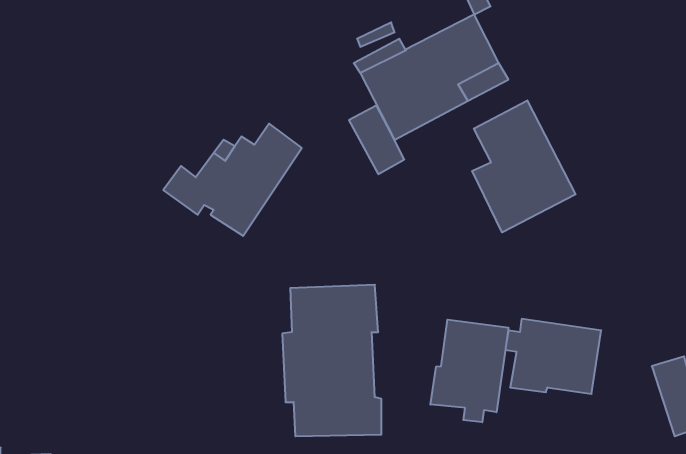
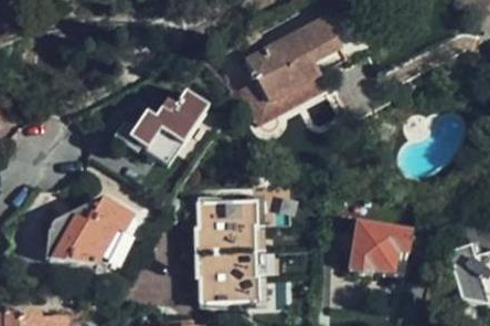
building: [472,100,576,232] -> none
building: none -> [49,198,136,266]
building: [430,320,508,422] -> none

